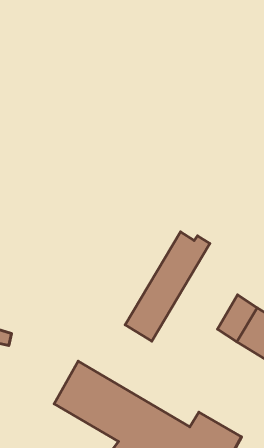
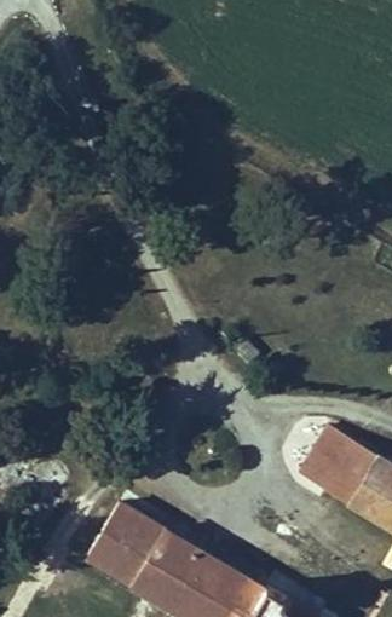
building: [125,232,210,341] -> none

